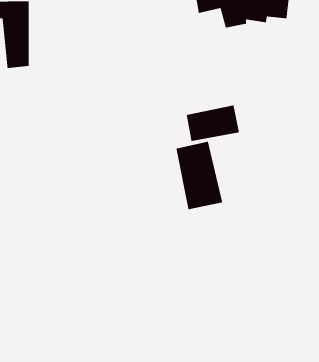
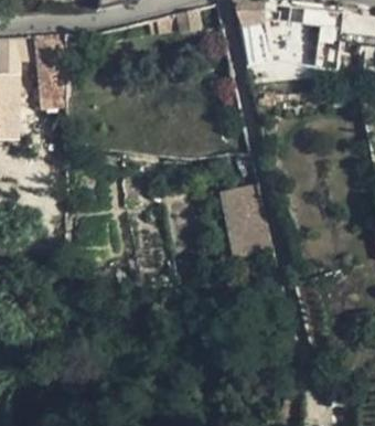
building: [186,104,240,142] -> none

